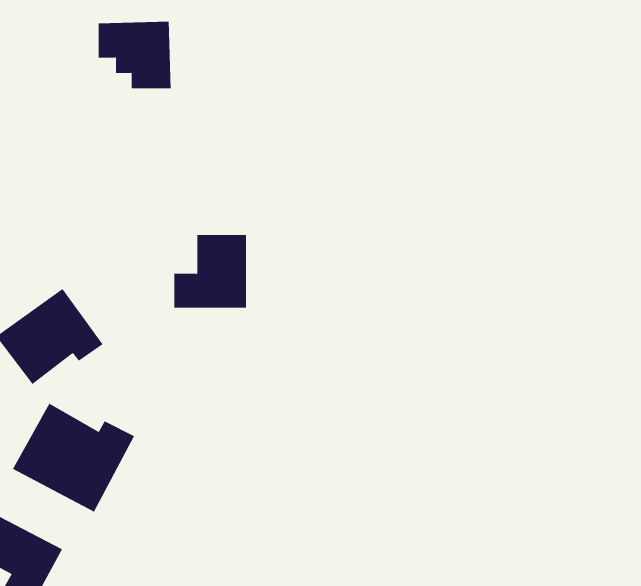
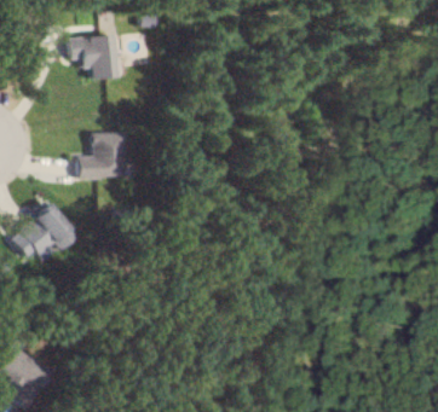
building: [173,235,247,308] -> [81,133,127,179]
building: [12,403,135,512] -> none

